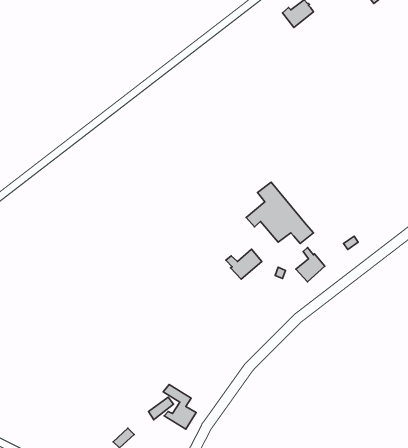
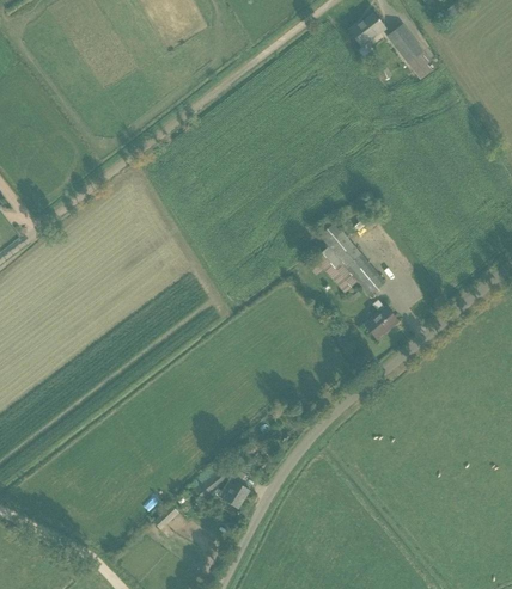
building: none -> [389,25,434,80]
building: [226,249,262,279] -> none

